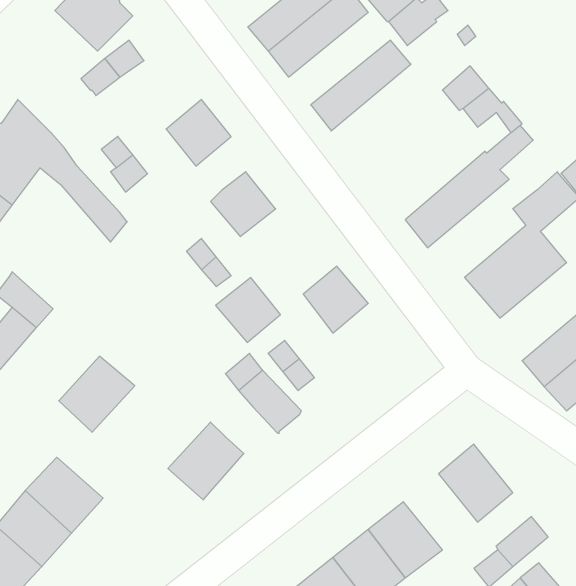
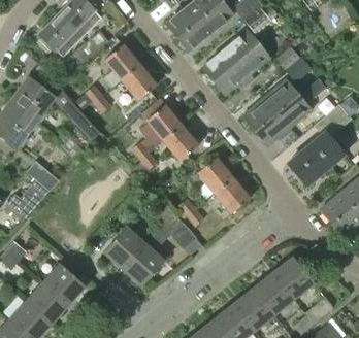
building: none -> [38,14,83,57]
building: none -> [104,44,140,80]
building: none -> [213,44,269,95]
building: none -> [240,78,298,131]
building: [216,278,280,342] -> [162,125,198,161]
building: none -> [214,177,250,214]
building: [59,356,135,432] -> [103,227,145,269]
building: none -> [253,272,294,314]

